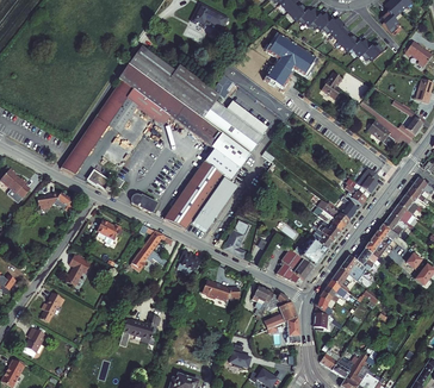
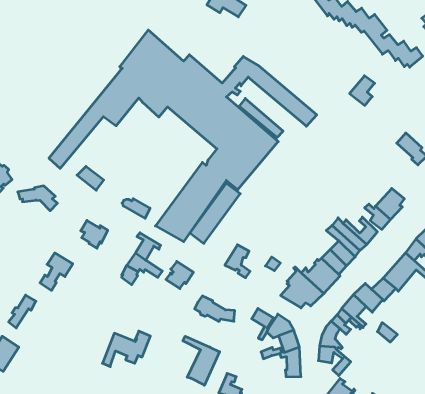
building: [268,36,315,87] -> none
building: none -> [183,336,220,385]

